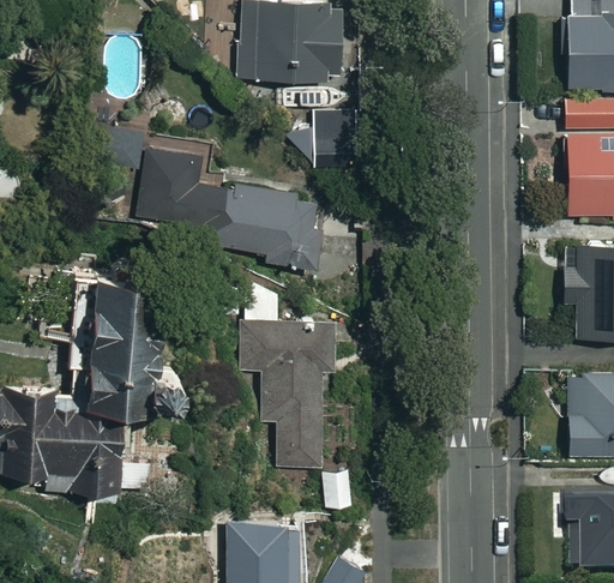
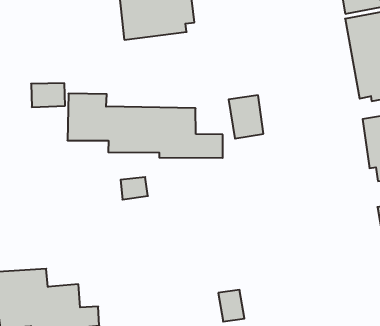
building: [309,108,353,166] -> [229,95,263,139]
building: [84,274,157,415] -> none
building: [241,274,336,464] -> none

